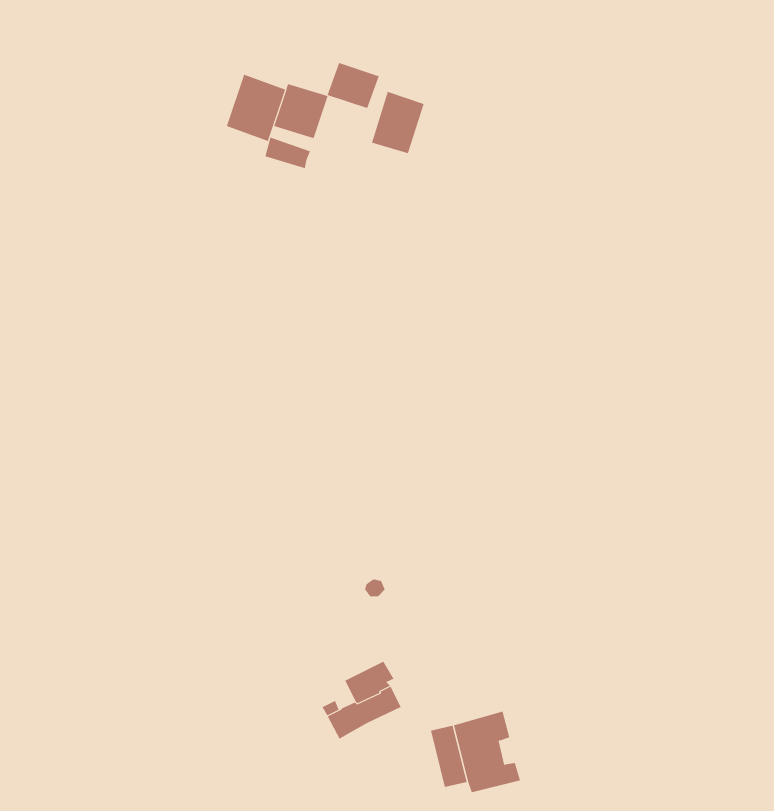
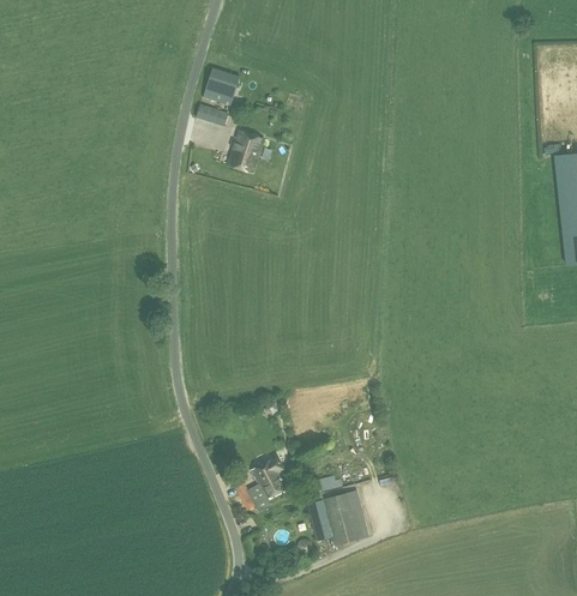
building: [327,62,380,109] -> none
building: [226,74,286,142] -> none
building: [371,91,425,154] -> [228,130,264,171]

